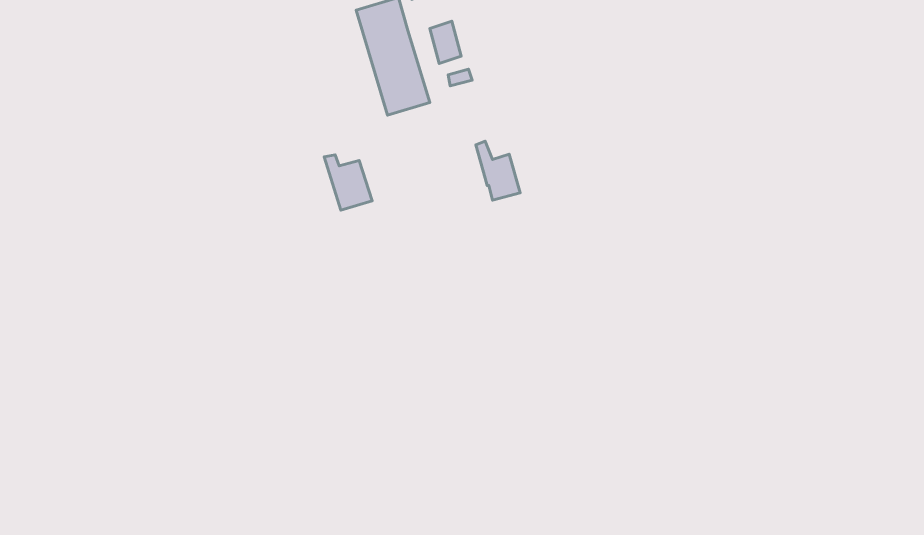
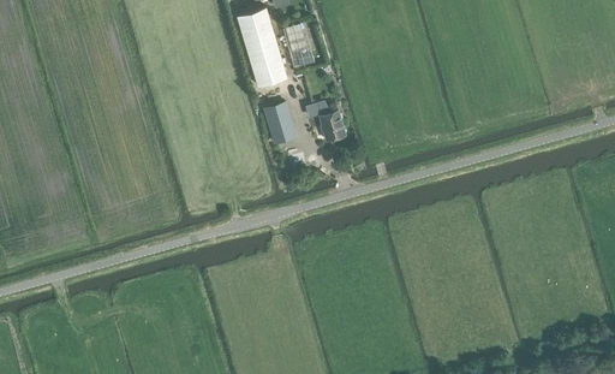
building: [324,155,372,210] -> [264,107,295,143]

